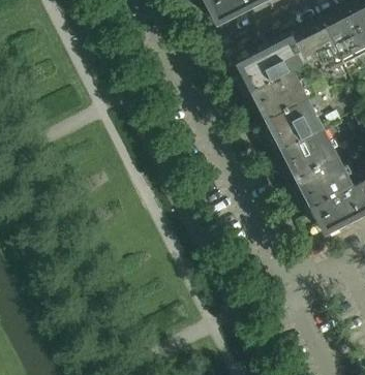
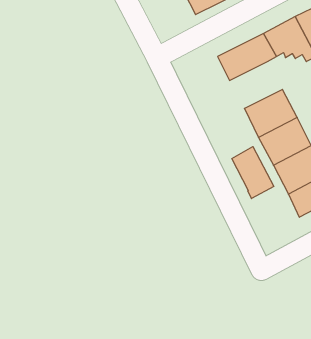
building: [251,68,306,117] -> none
building: none -> [232,147,274,199]

